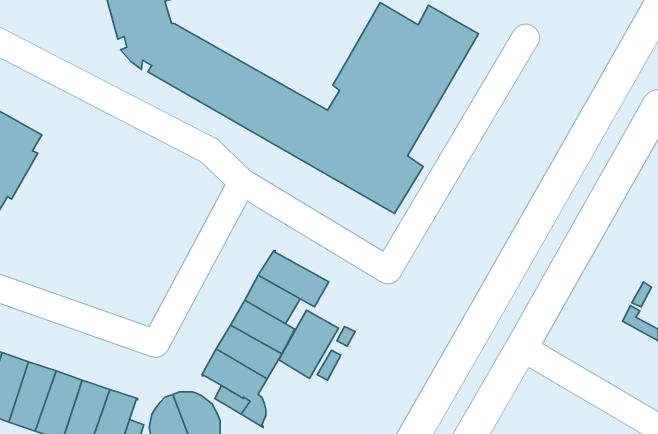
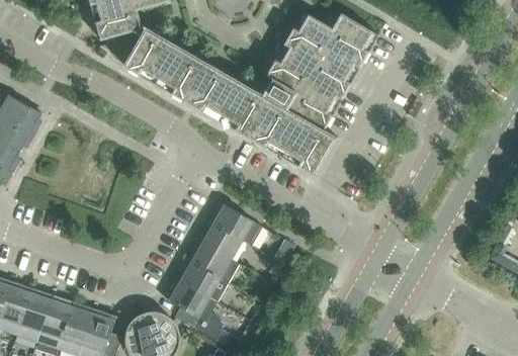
building: [279,310,338,378] -> none

